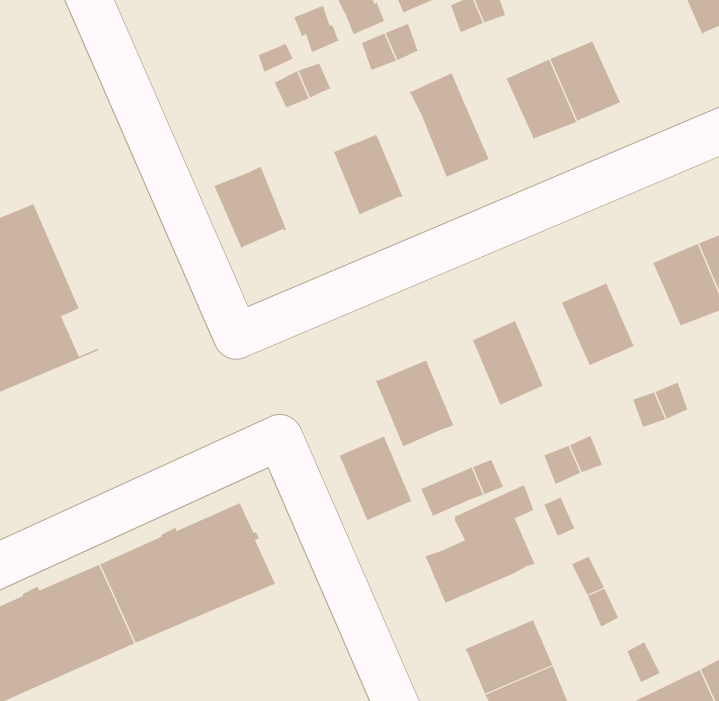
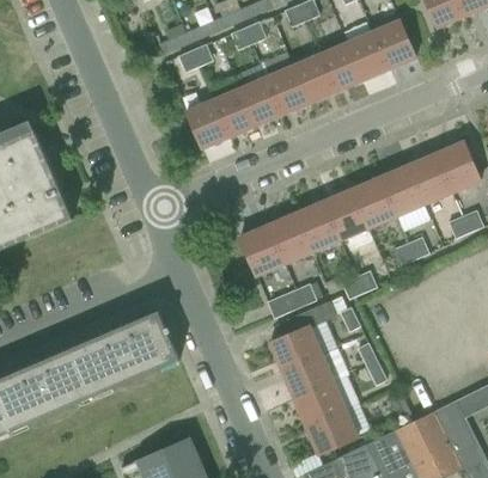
building: none -> [372,19,416,69]
building: none -> [293,54,336,103]
building: none -> [242,75,283,124]
building: [213,166,287,249] -> [187,98,231,148]
building: none -> [380,165,425,215]
building: none -> [325,189,370,239]
building: [339,436,412,521] -> [272,212,316,263]
building: none -> [282,353,336,398]

